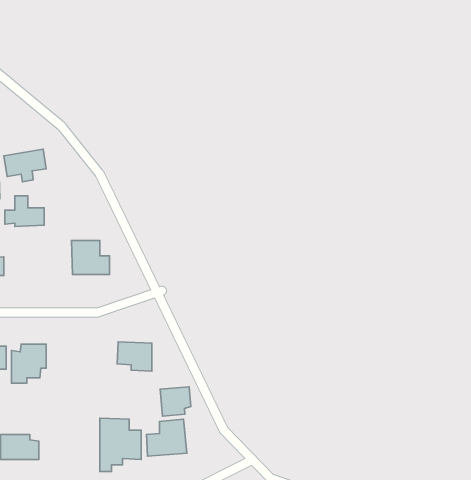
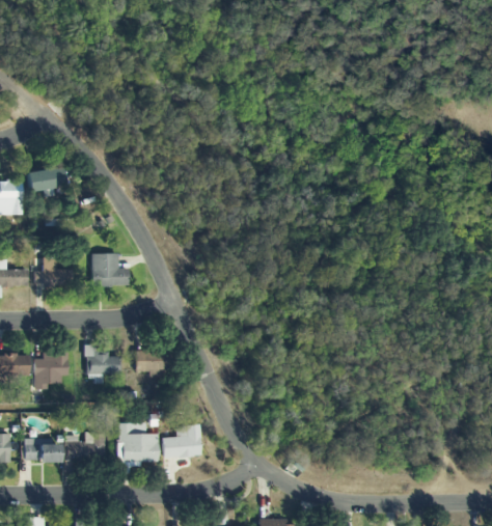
building: [5,196,44,226] -> [34,258,72,287]
building: none -> [84,345,121,383]
building: [160,387,191,416] -> none
building: none -> [64,433,105,462]

